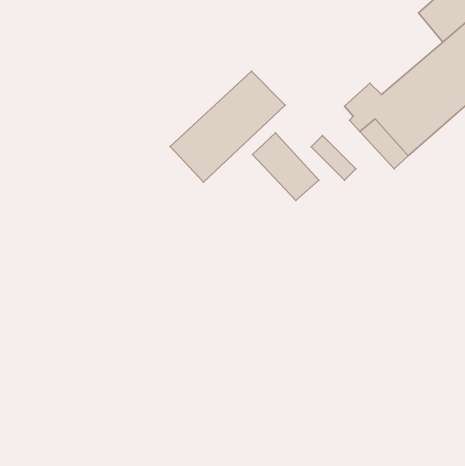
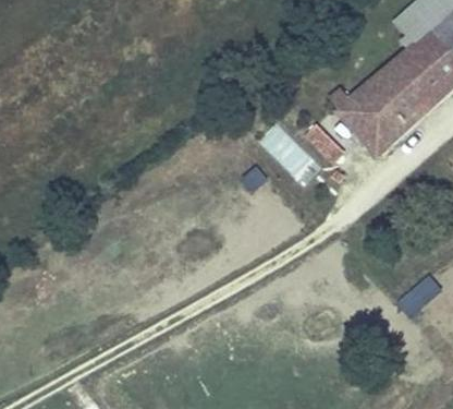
building: [170,71,285,182] -> none

